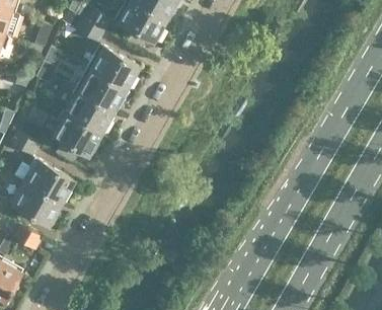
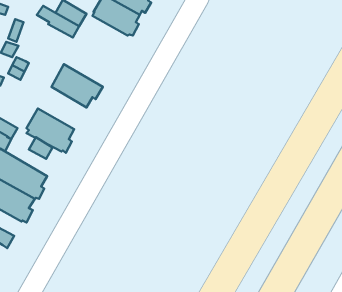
building: [89,47,137,91] -> none
building: [64,91,111,134] -> none

